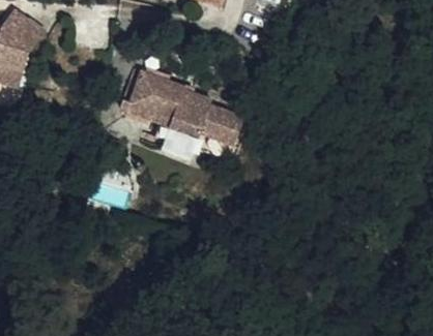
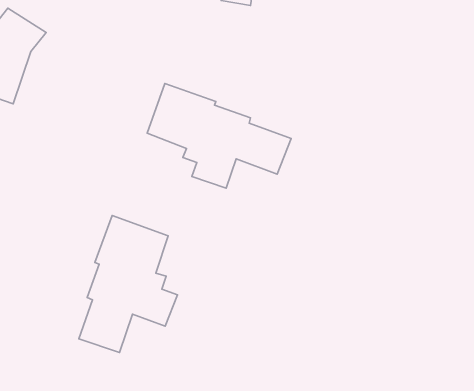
building: none -> [79,216,178,353]

